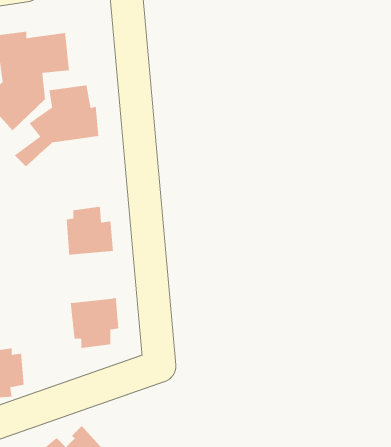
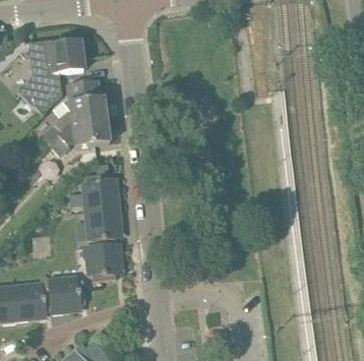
building: none -> [60,120,110,146]
building: none -> [83,207,121,246]
building: none -> [47,274,86,313]

